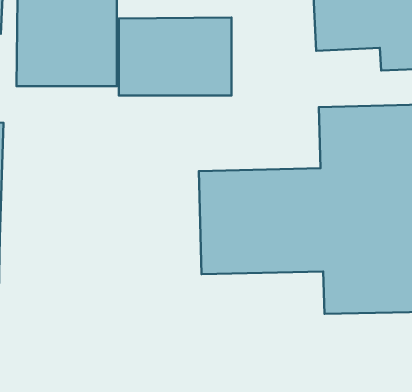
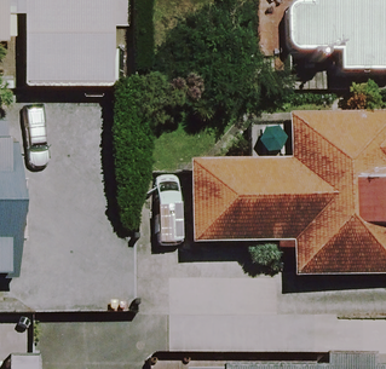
building: [119,17,231,96] -> none

